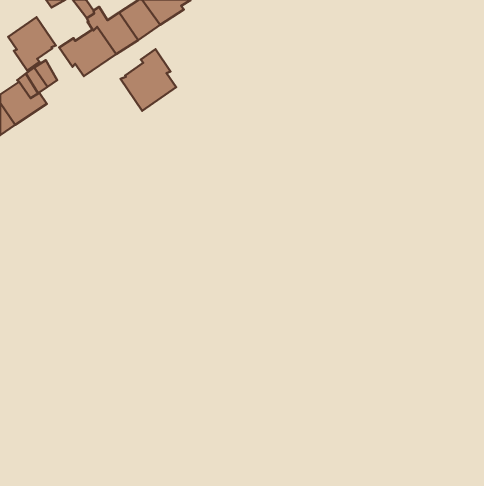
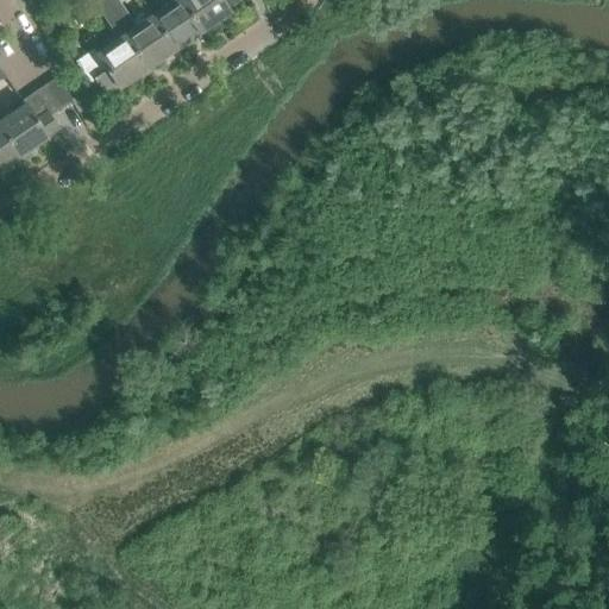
building: [8,17,56,71] -> none
building: [121,49,176,111] -> none

